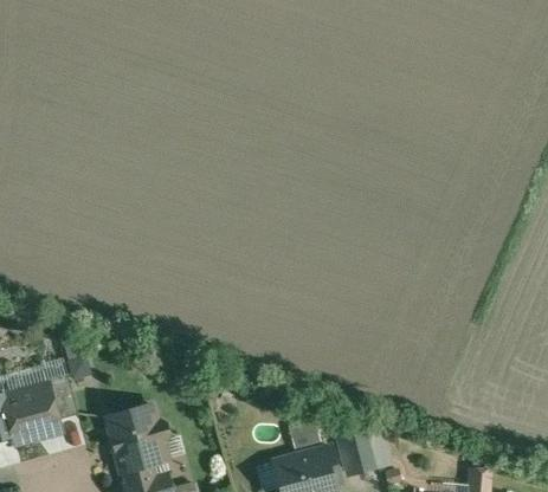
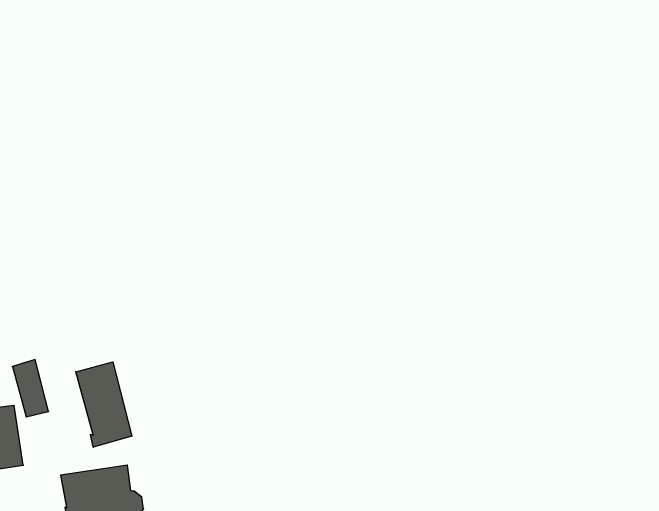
building: none -> [76,362,132,447]

